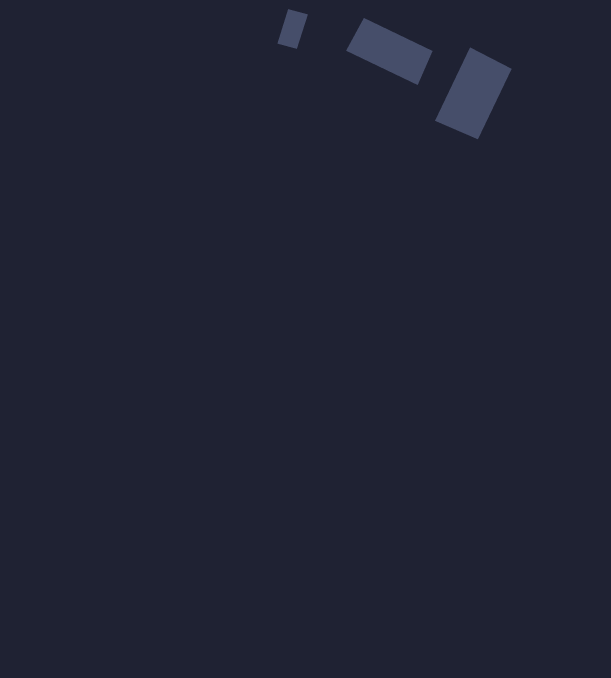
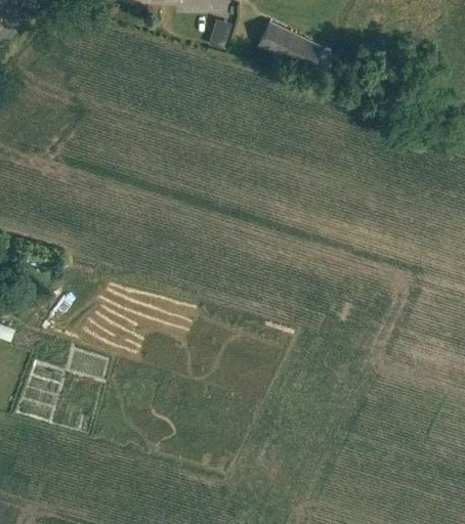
building: [434,47,512,140] -> none

